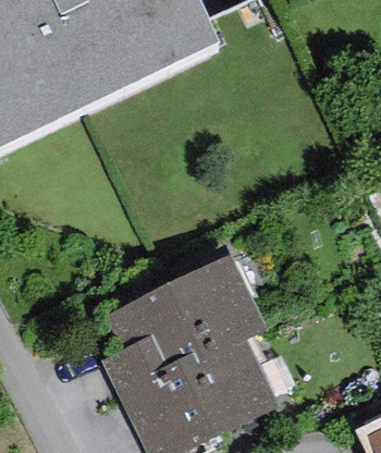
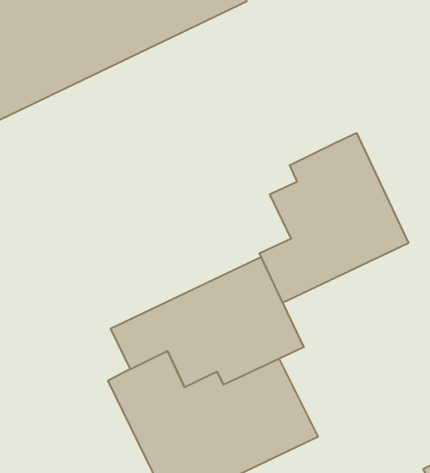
building: none -> [260,133,408,303]

